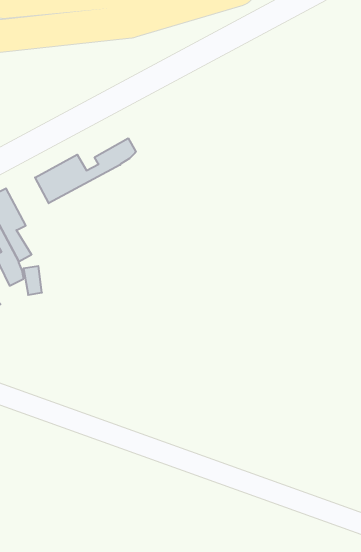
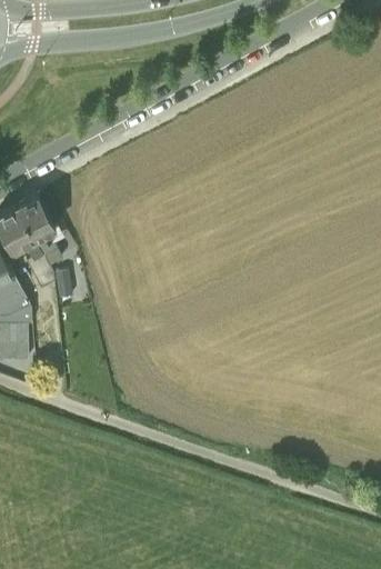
building: [35,138,136,203] -> none

